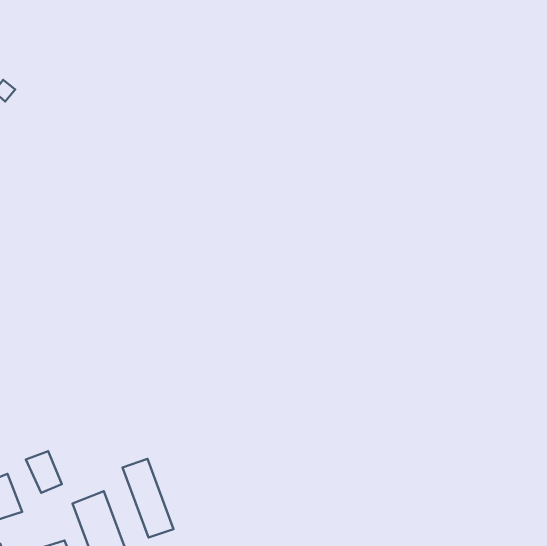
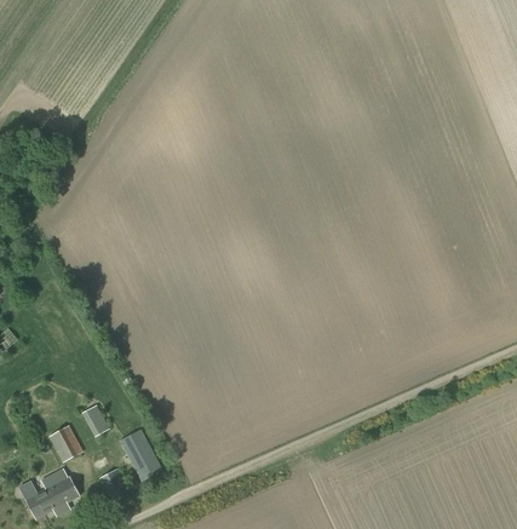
building: [123,459,174,537] -> none

